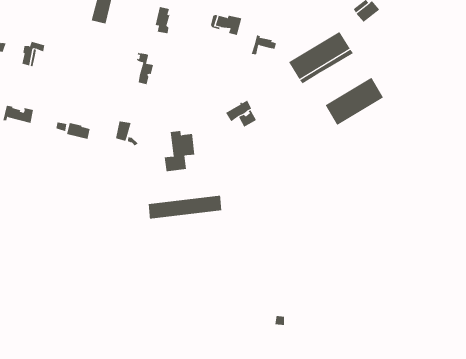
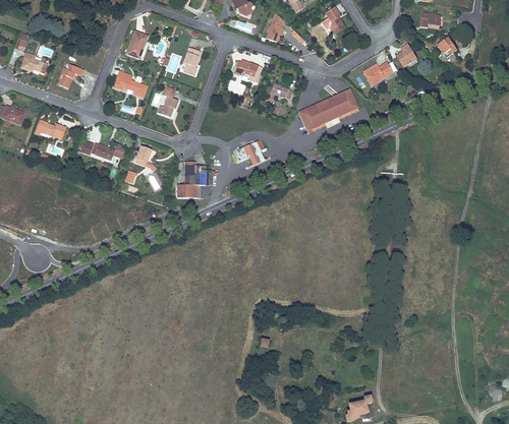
building: none -> [114,70,147,96]
building: [325,77,384,126] -> none
building: [148,195,222,220] -> none

